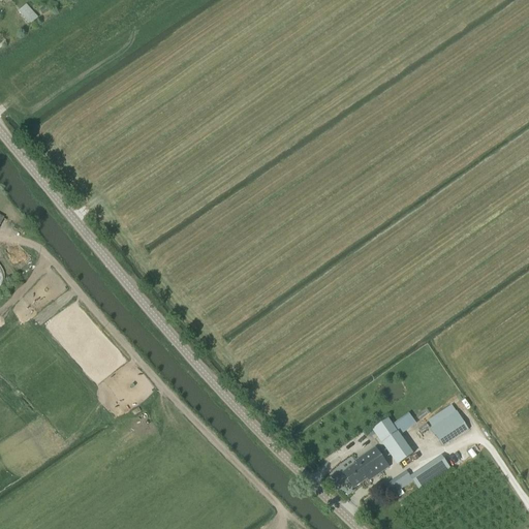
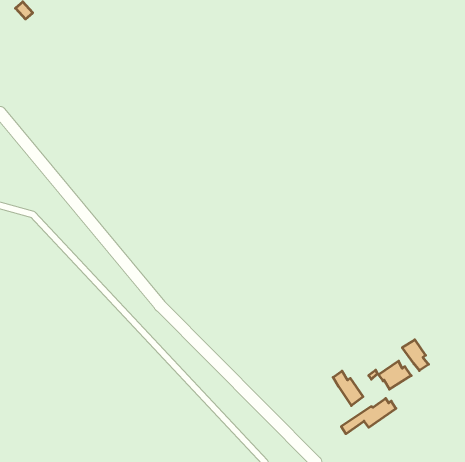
building: none -> [402,340,429,371]
building: [343,445,388,486] -> none

